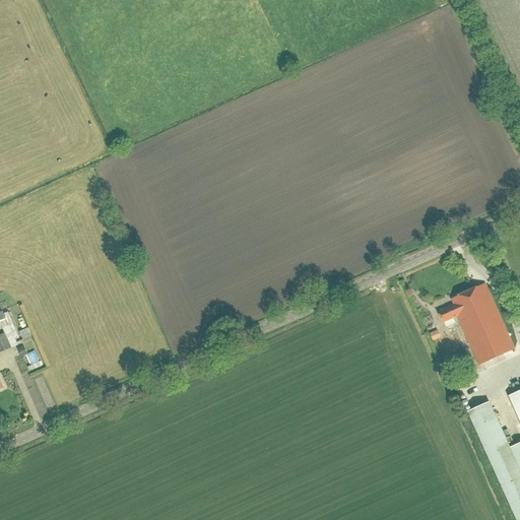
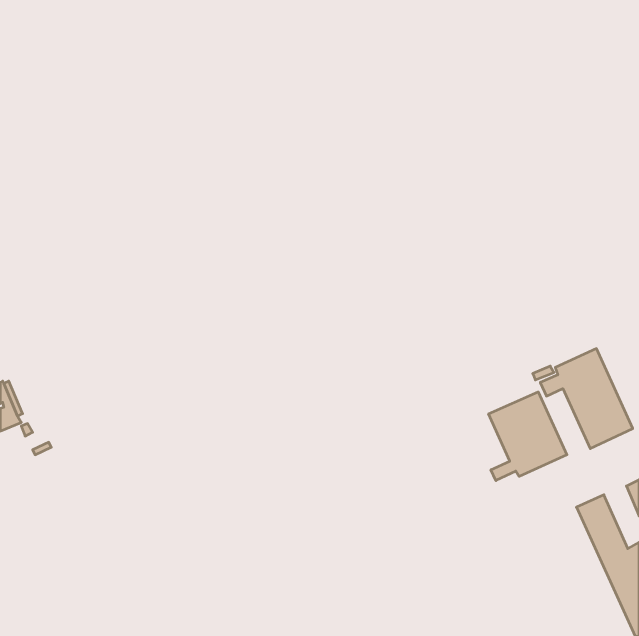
building: none -> [489,392,567,481]

